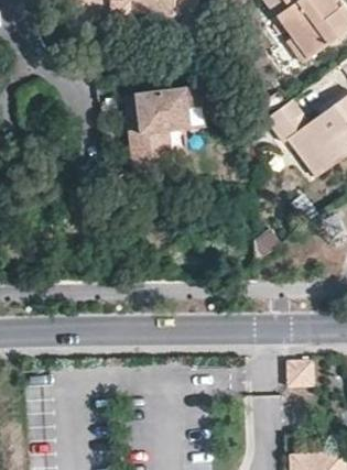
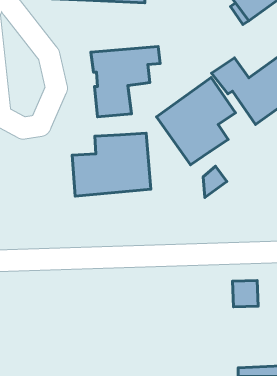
building: none -> [156,78,235,165]
building: none -> [72,133,151,196]

